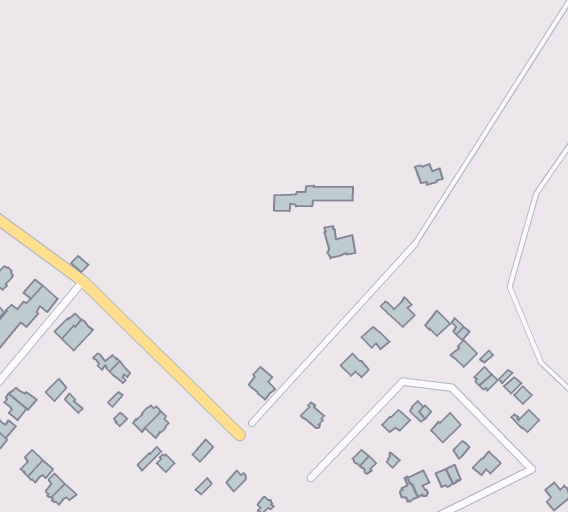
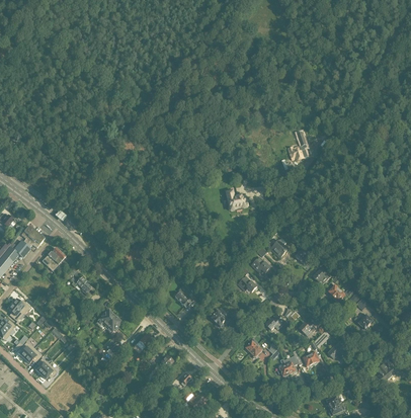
building: [274,185,353,211] -> none

